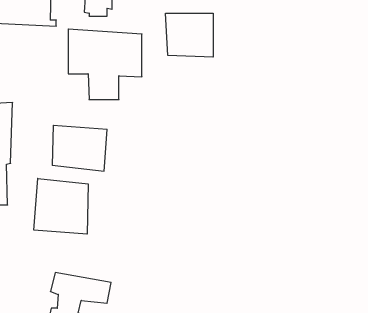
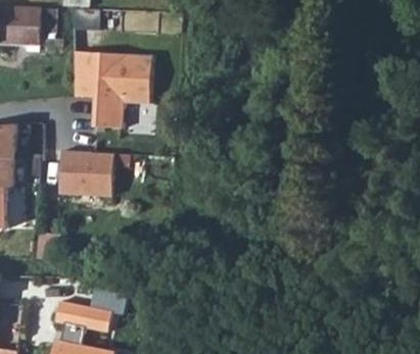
building: [166,13,213,57] -> none
building: [34,178,88,234] -> none

